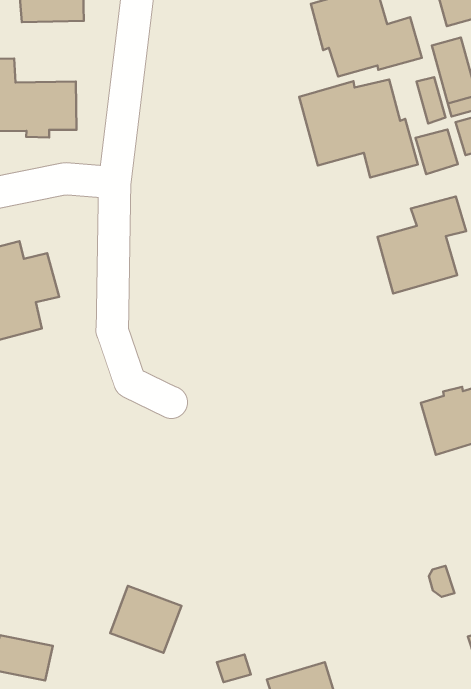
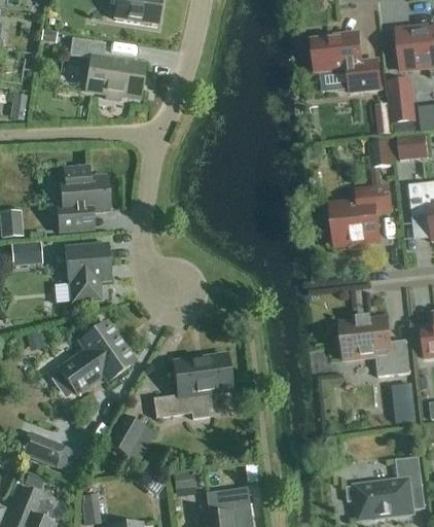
building: [299,80,418,177] -> none
building: none -> [65,243,110,300]
building: none -> [58,321,134,392]
building: none -> [153,353,230,417]

